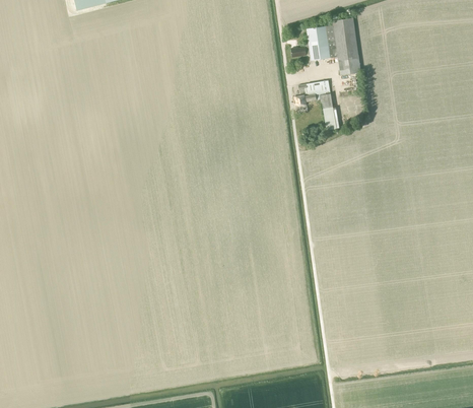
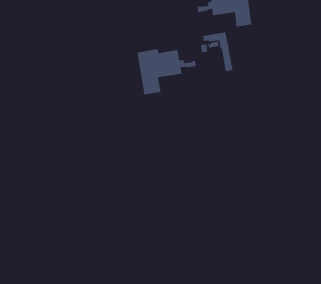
building: none -> [136,48,197,95]

